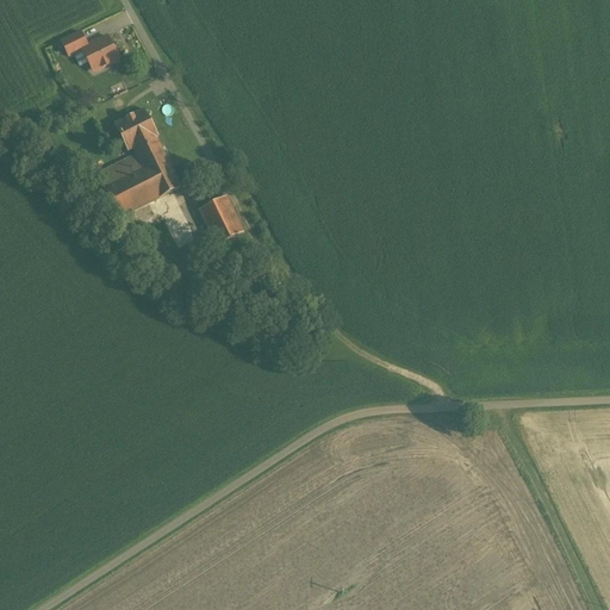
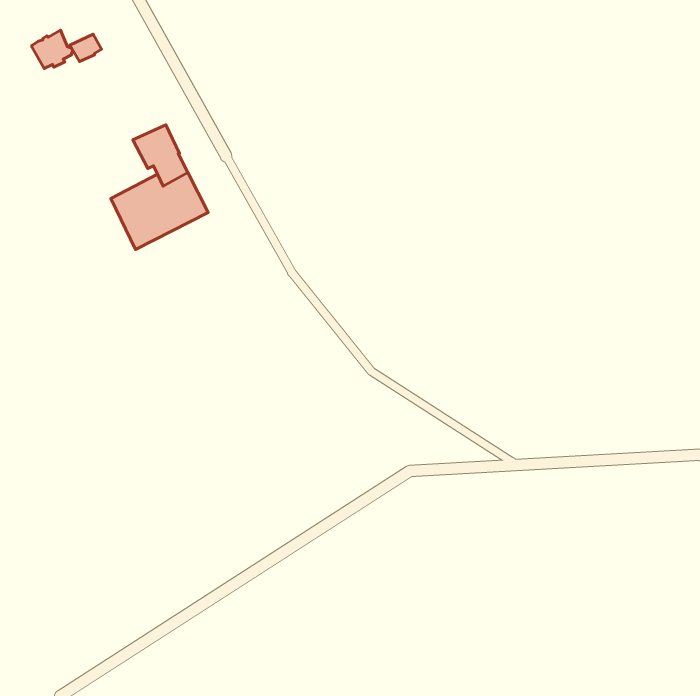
building: [82,33,118,67] -> [32,30,73,69]
building: [199,194,243,243] -> none

